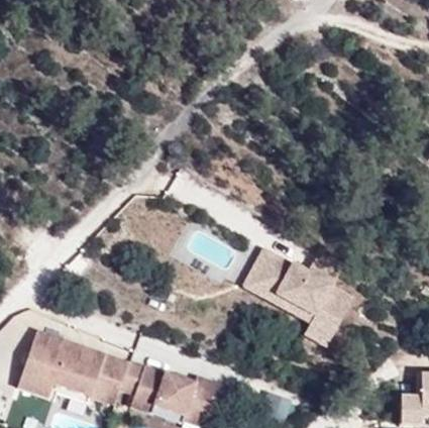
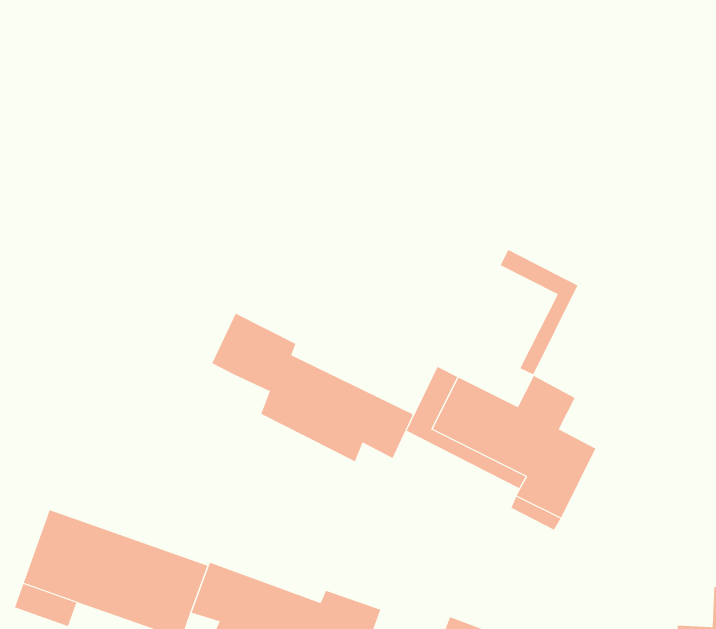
building: none -> [500,249,578,375]
building: none -> [211,313,413,462]

